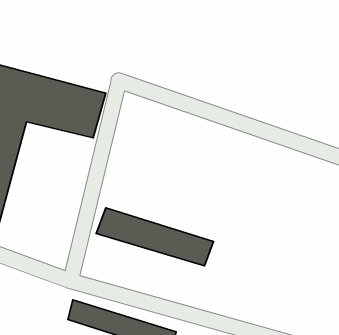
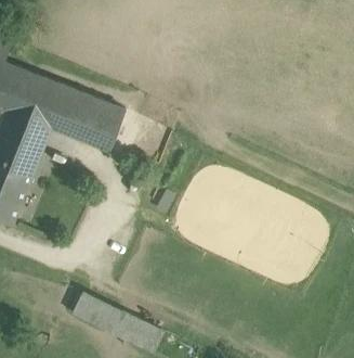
building: [96,208,214,266] -> none

